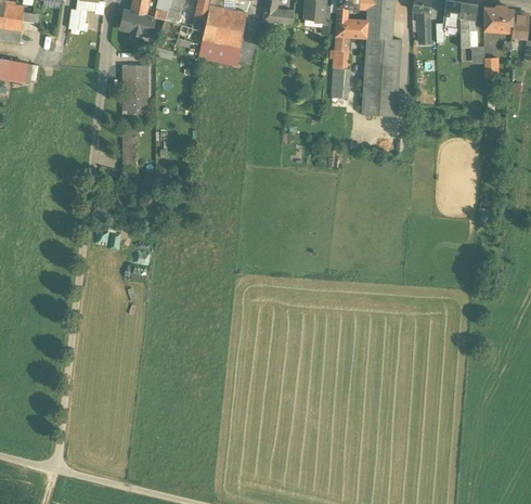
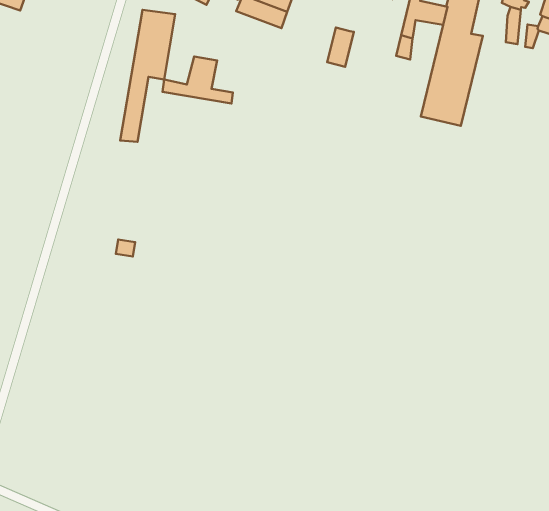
building: [332,67,349,98] -> [327,28,354,67]
building: none -> [163,57,233,104]

